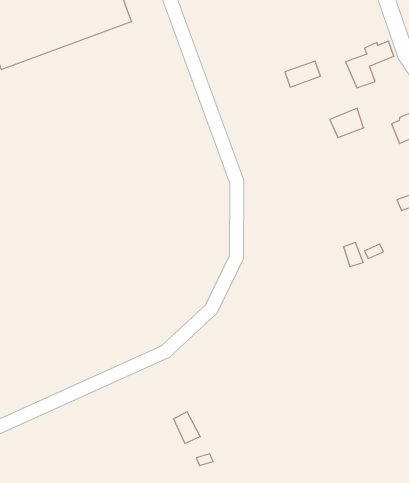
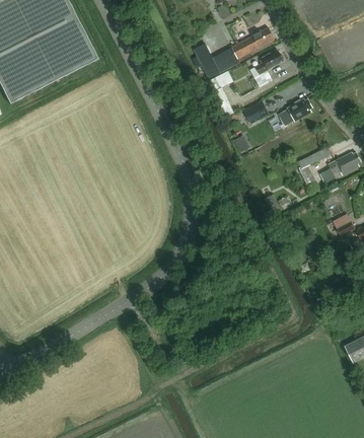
building: none -> [194,27,275,78]

